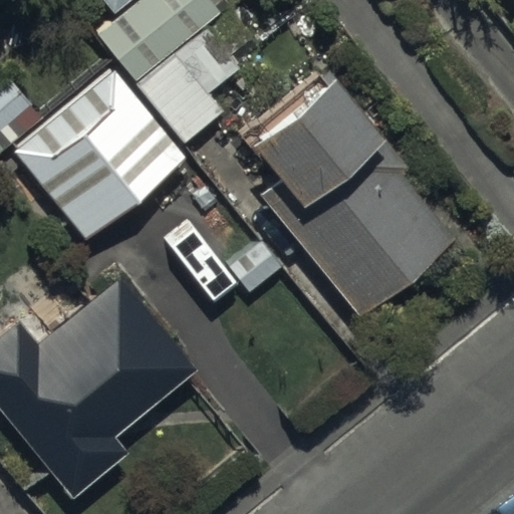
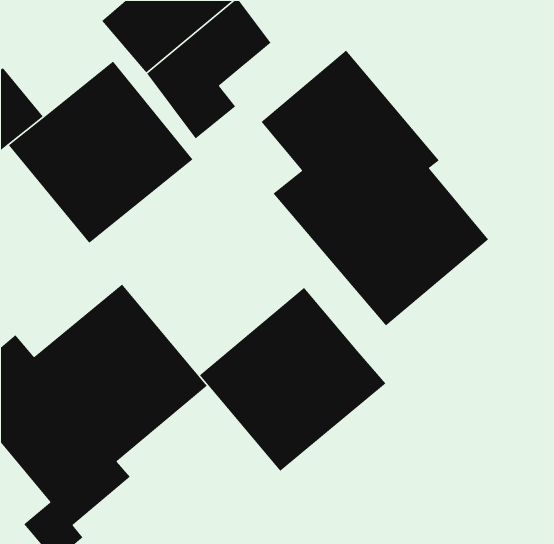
building: none -> [199,287,387,472]

